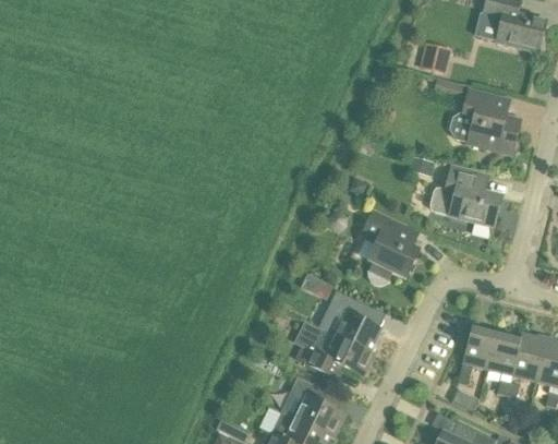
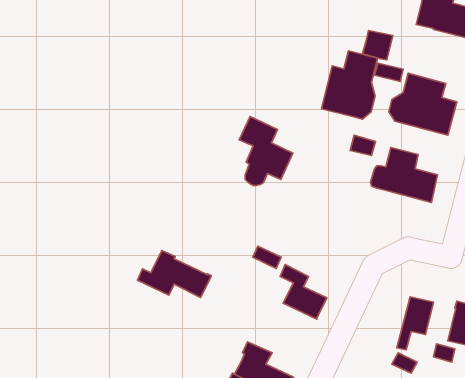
building: none -> [322,51,378,119]
building: [361,209,418,284] -> [239,116,293,186]
building: [295,325,375,375] -> [137,251,212,297]
building: [487,333,520,374] -> none

